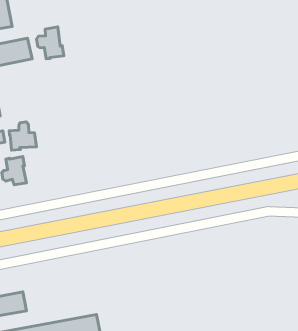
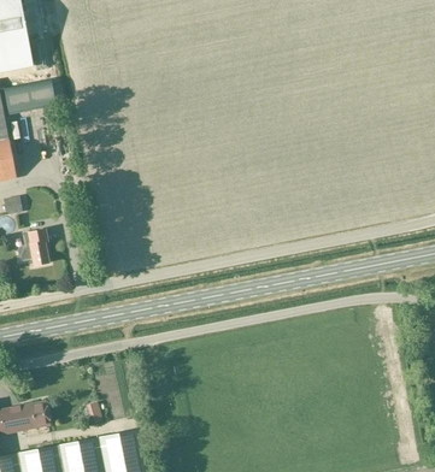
building: [36,27,64,59] -> none
building: [9,122,36,150] -> none

